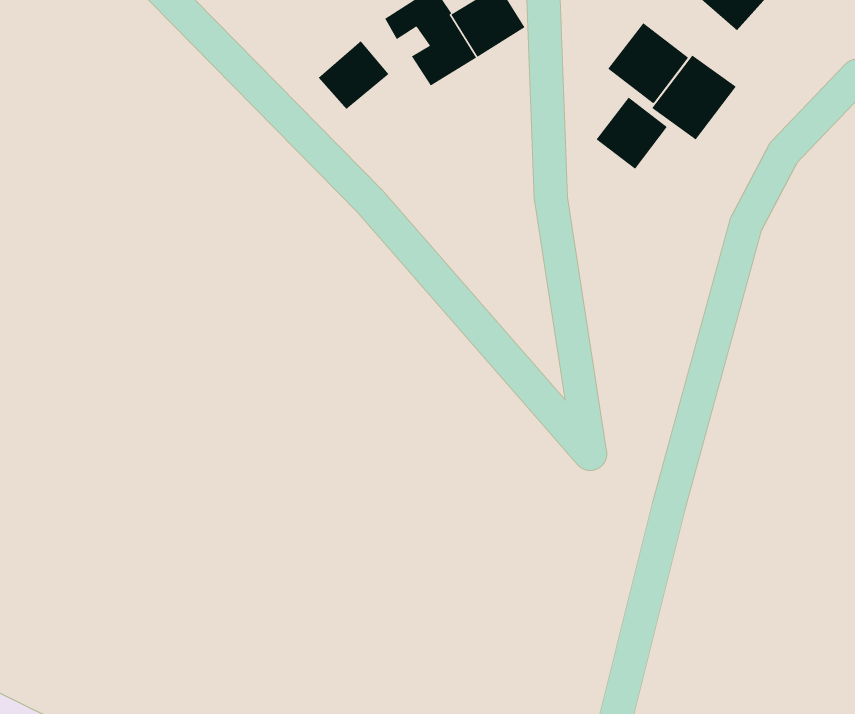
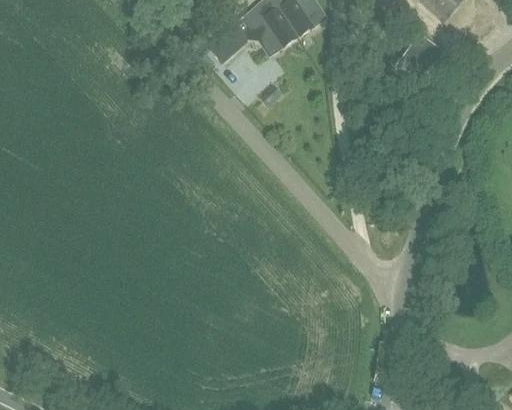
building: [607,22,689,104] -> none
building: [595,97,668,170] -> none

